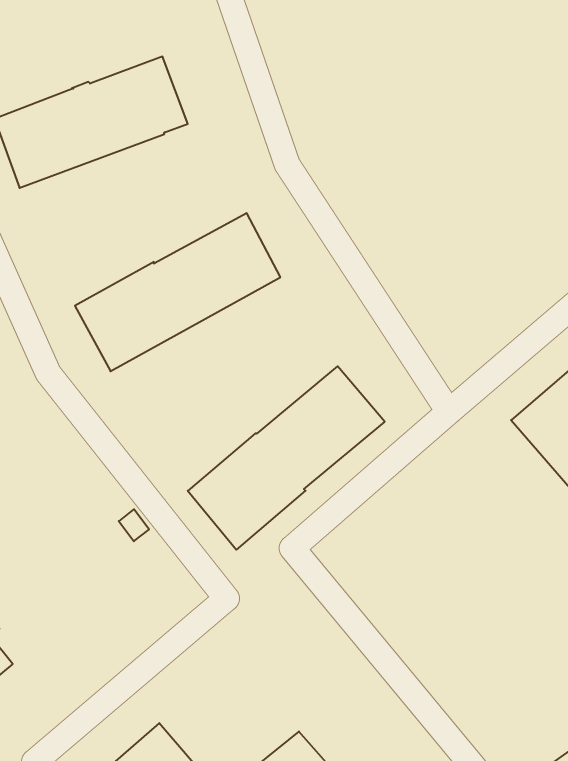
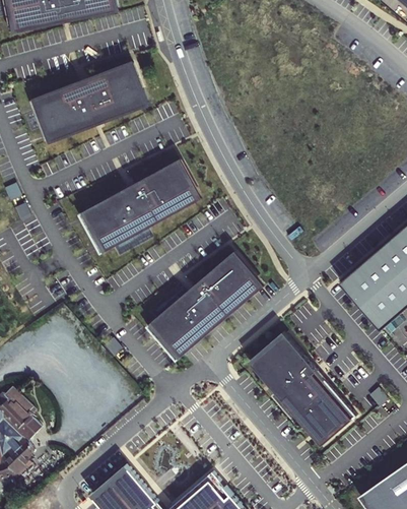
building: none -> [250,332,358,444]

